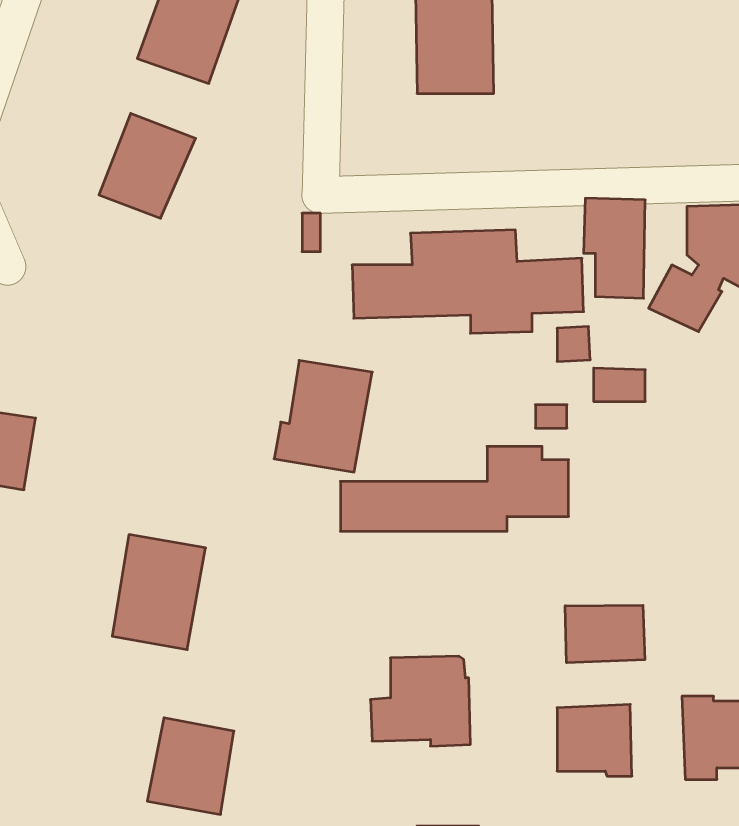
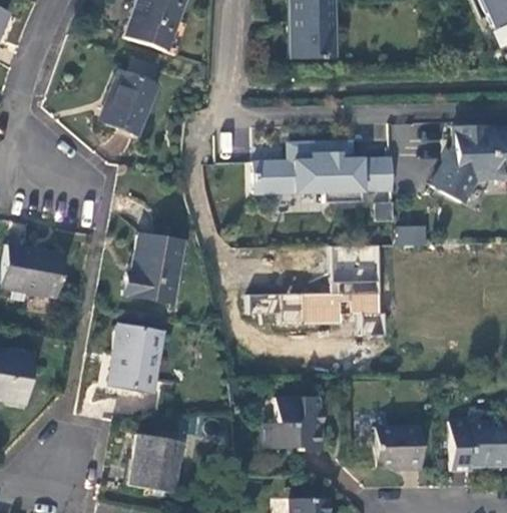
building: [274,360,372,472] -> [124,235,183,303]
building: [565,605,645,663] -> none

